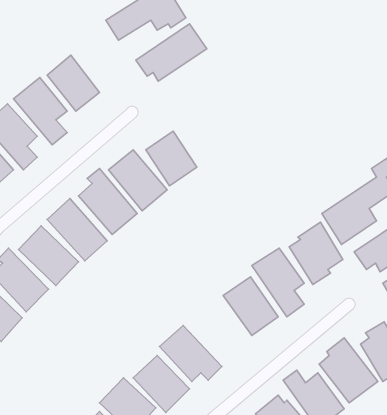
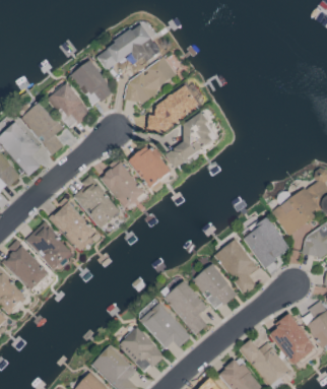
building: none -> [70,60,114,106]
building: none -> [146,81,206,133]
building: none -> [165,113,213,169]
building: none -> [165,280,207,336]

